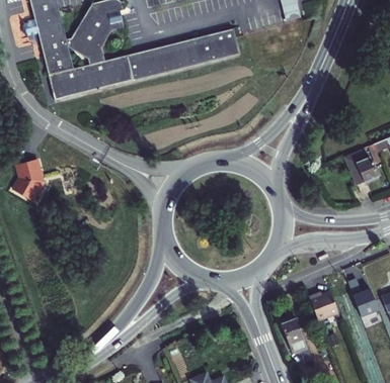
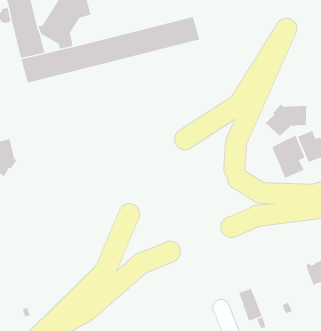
building: none -> [265,104,307,137]
building: none -> [271,134,306,179]
building: [309,291,338,320] -> none

